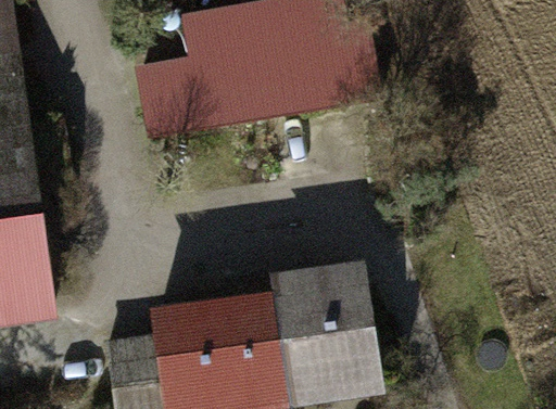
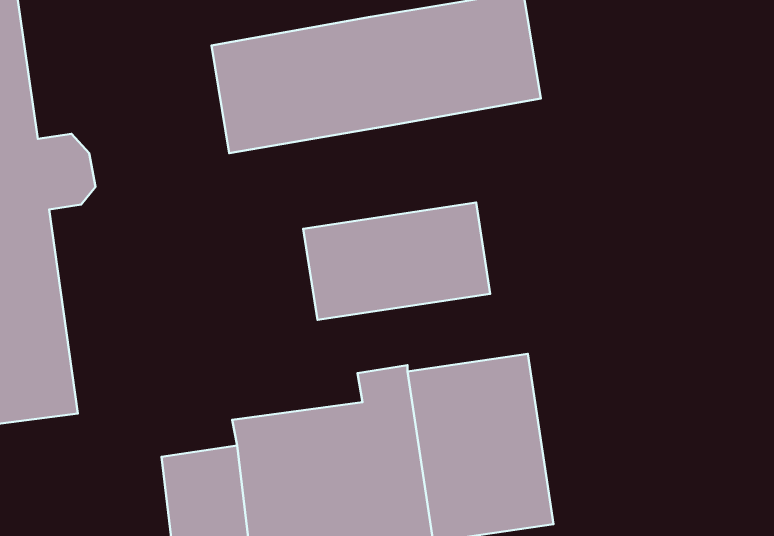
building: none -> [303,203,490,320]

